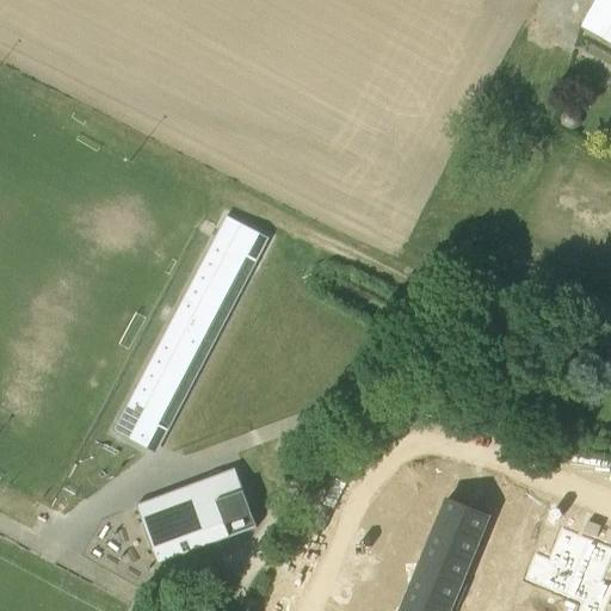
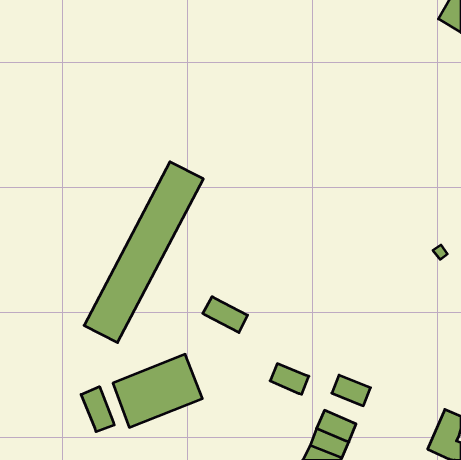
building: none -> [203,297,248,333]
building: none -> [81,387,114,432]
building: [428,519,480,560] -> [270,364,309,394]
building: [521,530,587,593] -> none

